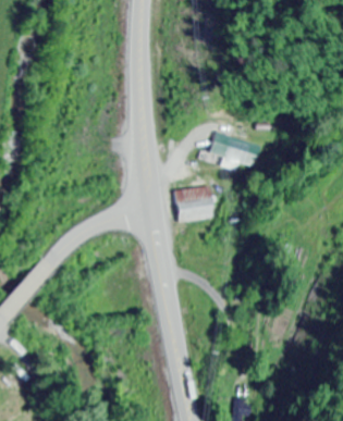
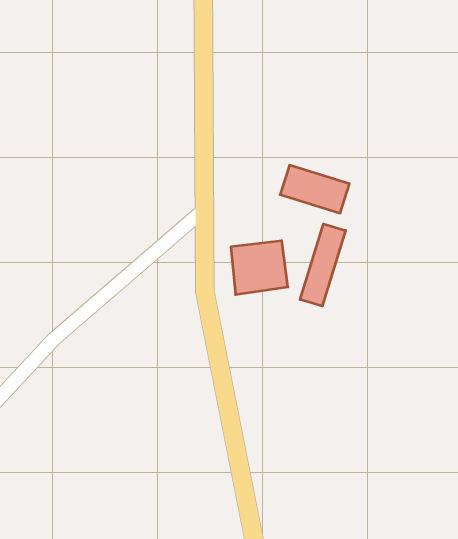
building: none -> [300,224,346,306]

